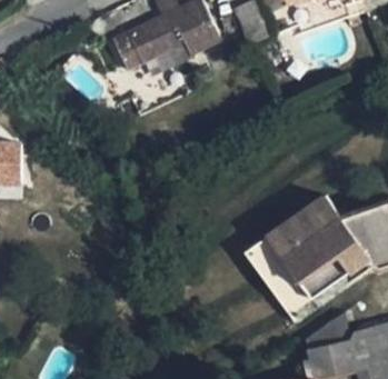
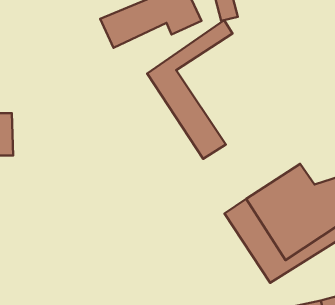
building: none -> [147,20,233,159]

